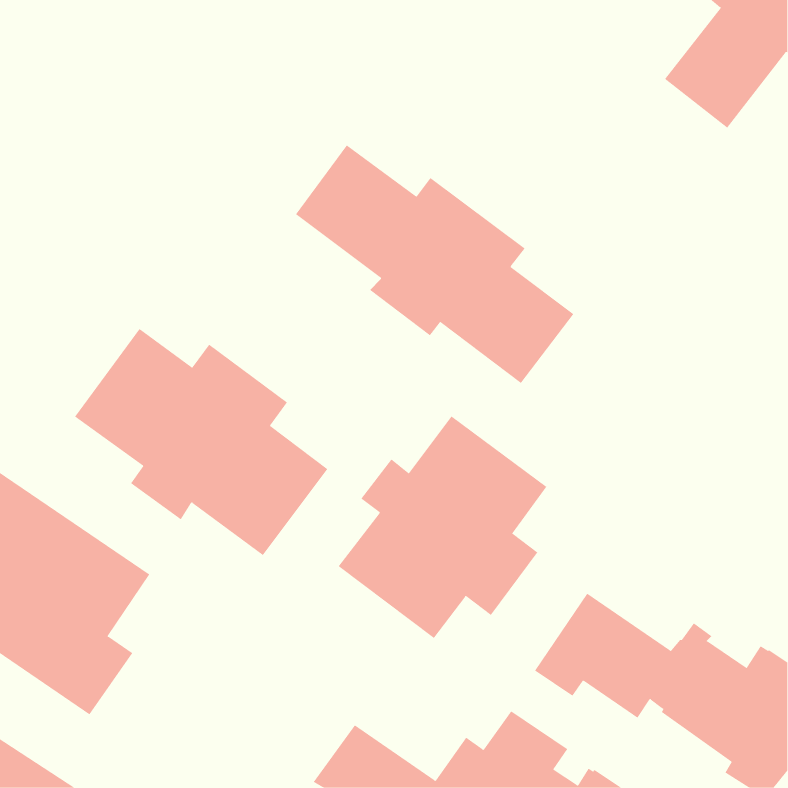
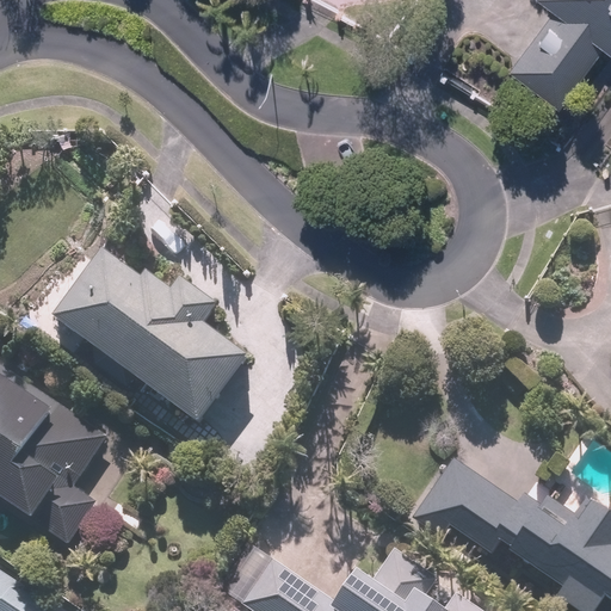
building: [295,144,574,384] -> none
building: [338,416,547,639] -> none

